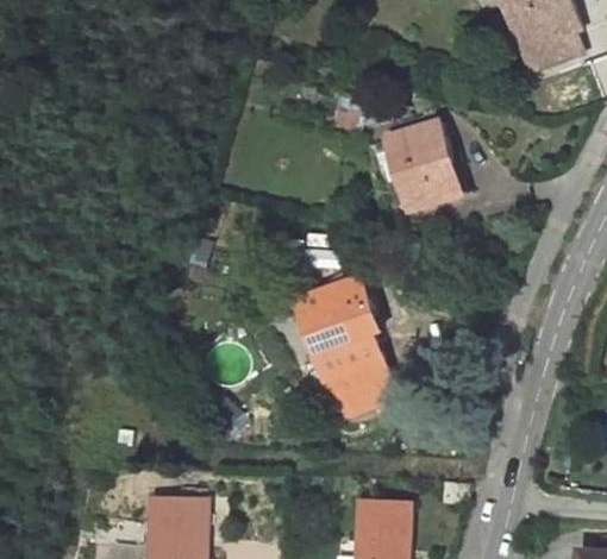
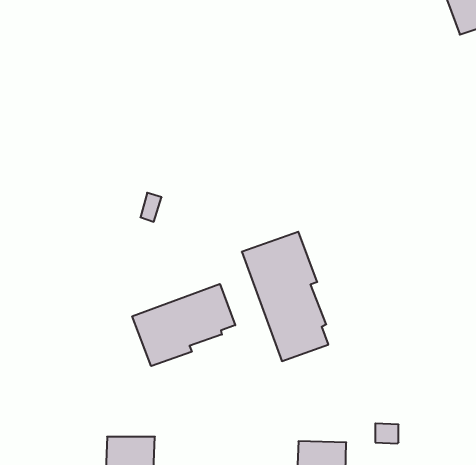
building: [386,120,453,211] -> none
building: none -> [132,284,235,366]

